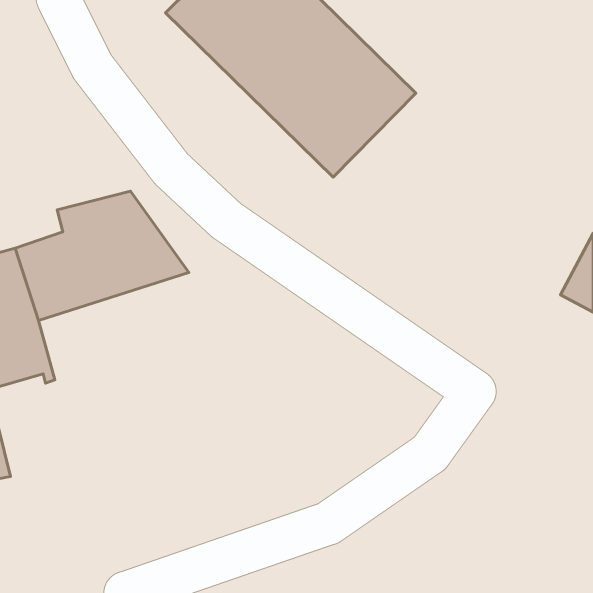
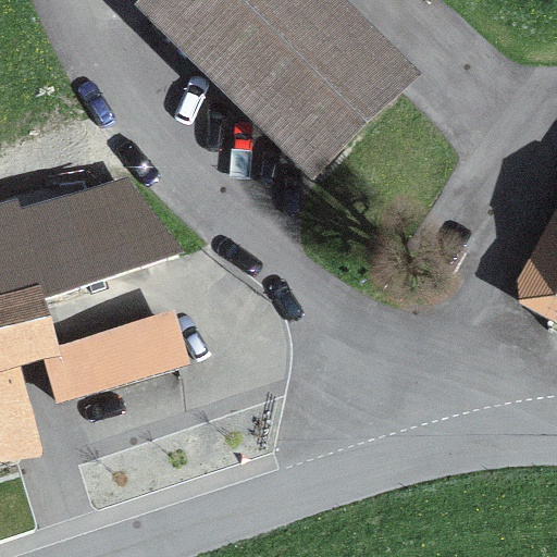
building: none -> [42,321,175,401]

